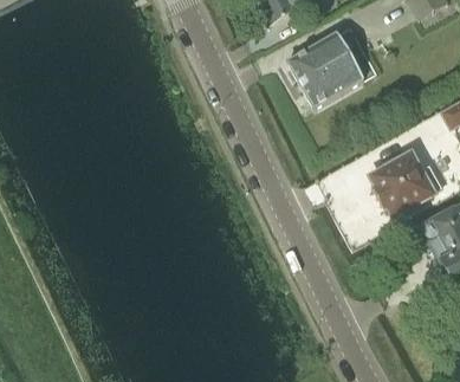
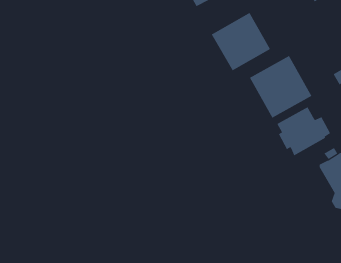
building: none -> [249,55,312,118]

